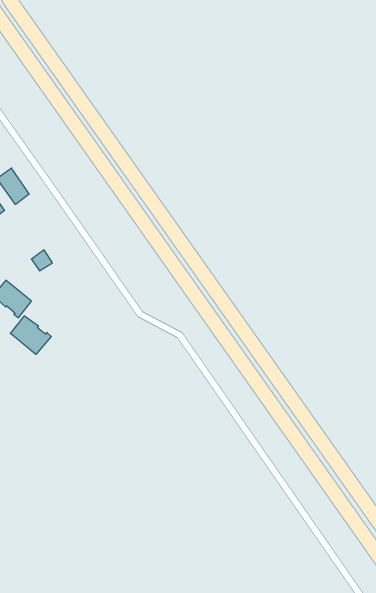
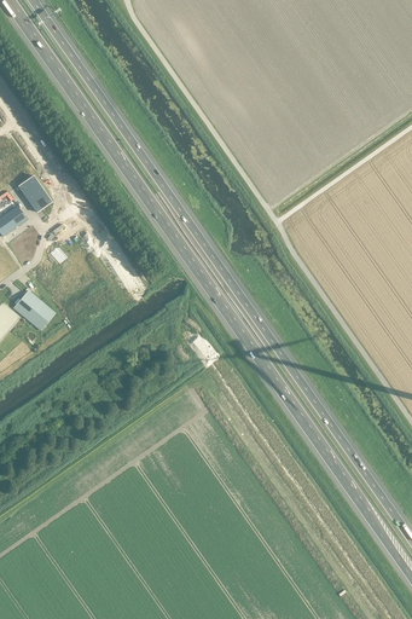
building: [10,316,51,354] -> none

